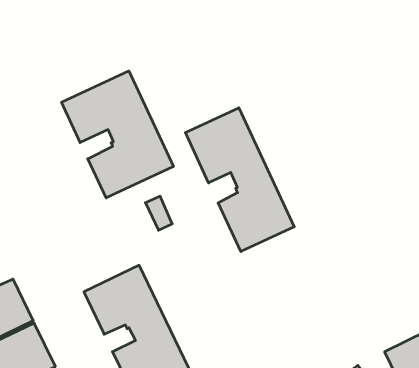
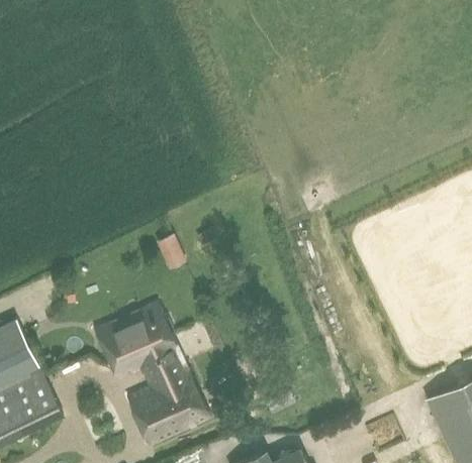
building: [62,71,173,198] -> none
building: [185,108,294,252] -> none

